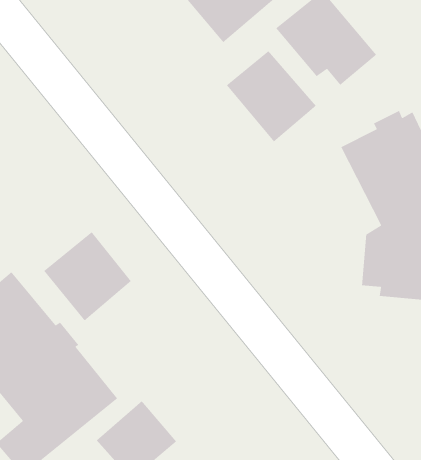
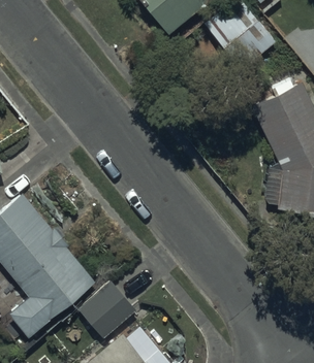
building: [226,50,317,142] -> none
building: [43,231,132,321] -> none

